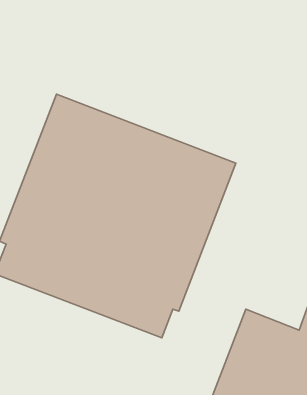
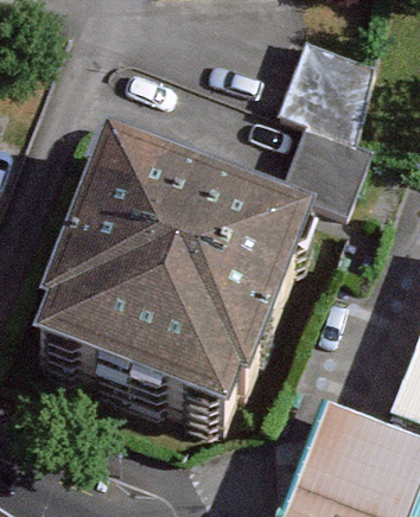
building: none -> [280,36,376,210]

